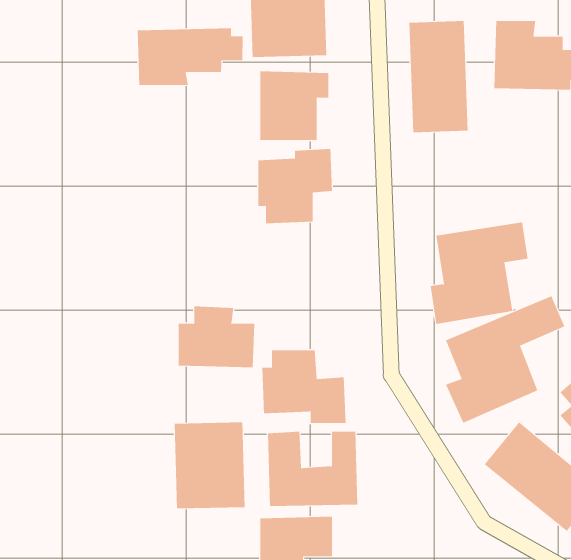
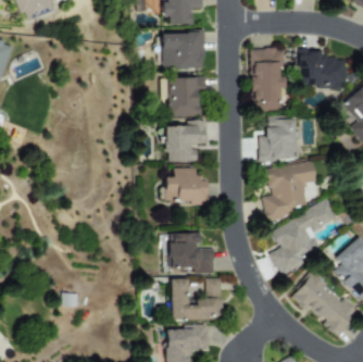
building: [137,27,243,86] -> none
building: none -> [259,116,299,161]
building: [178,306,255,368] -> [165,167,209,202]
building: [174,422,245,509] -> none

